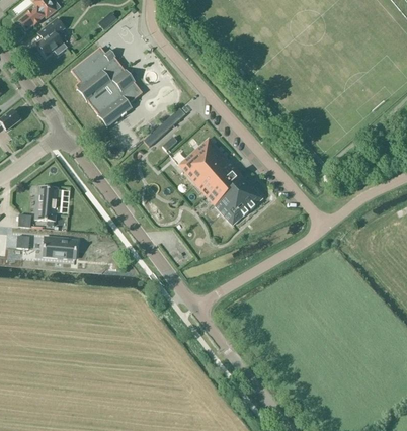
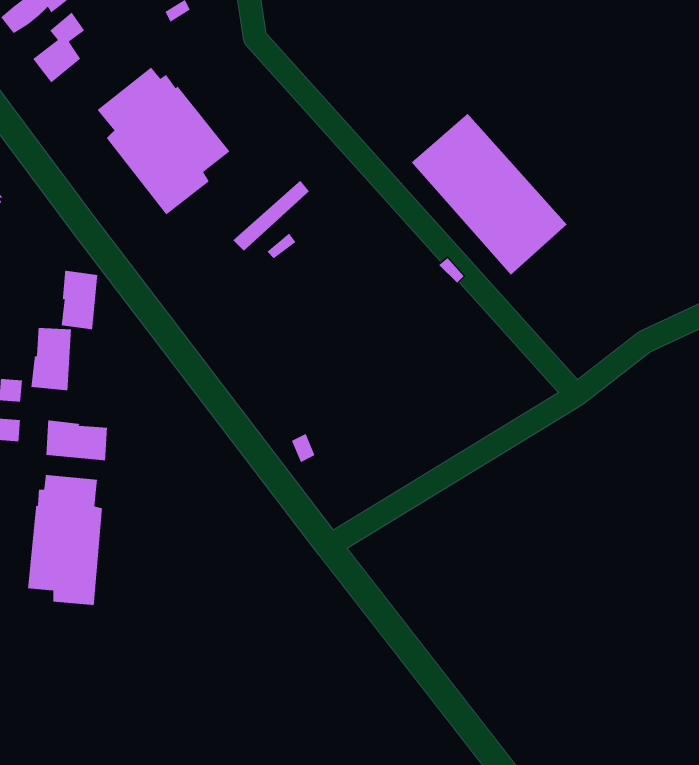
building: [178,138,262,225] -> [411,113,568,275]
building: none -> [61,270,98,330]
building: none -> [27,474,103,606]

